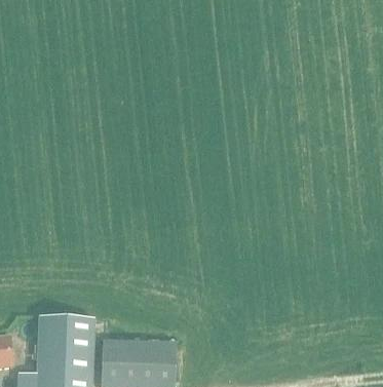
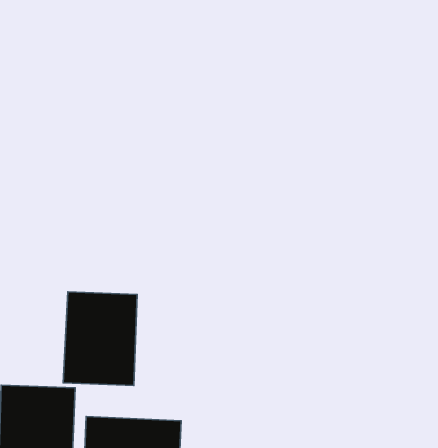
building: none -> [63,292,137,386]

